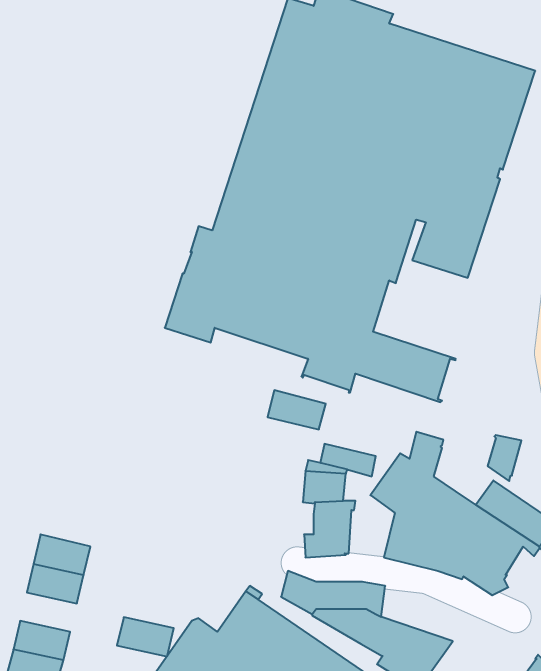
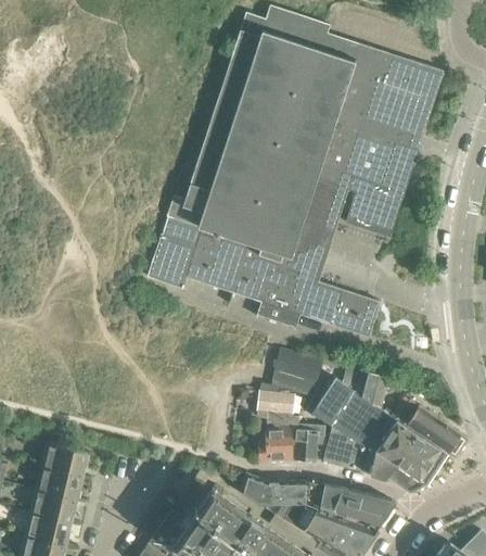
building: [268,390,326,429] -> [276,350,322,381]
building: [488,435,521,481] -> [363,372,391,409]
building: none -> [295,425,325,462]
building: none -> [321,485,397,530]
building: [117,617,174,656] -> [31,491,77,522]

